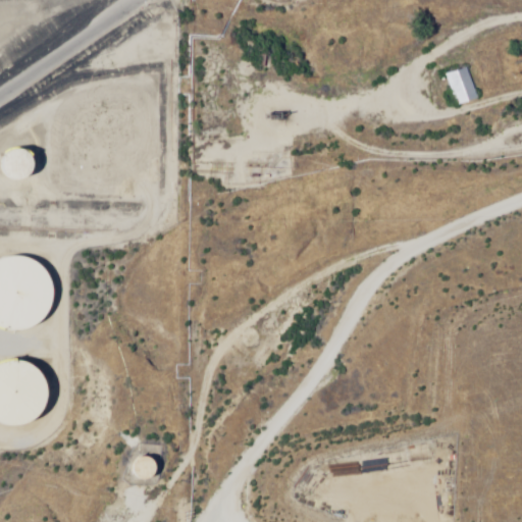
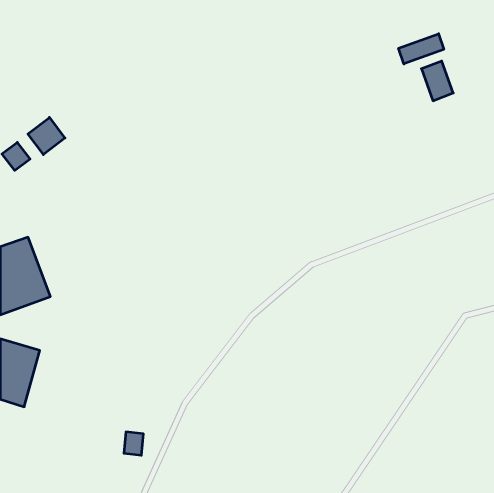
building: none -> [399,34,444,64]
building: none -> [28,117,65,155]

